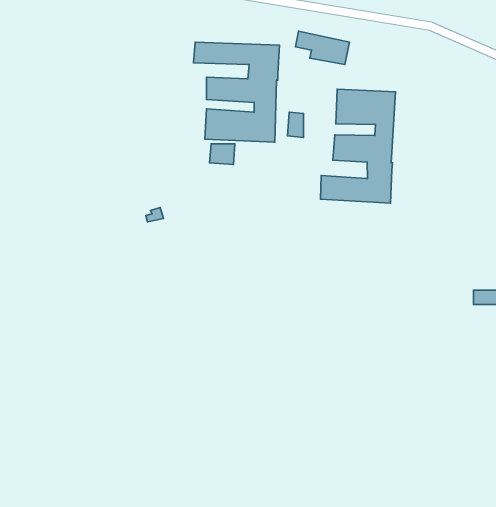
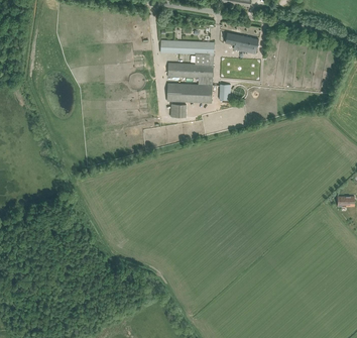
building: [321,89,395,203] -> none

